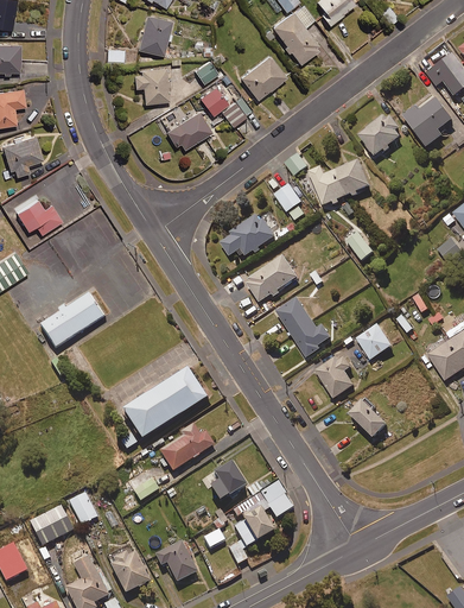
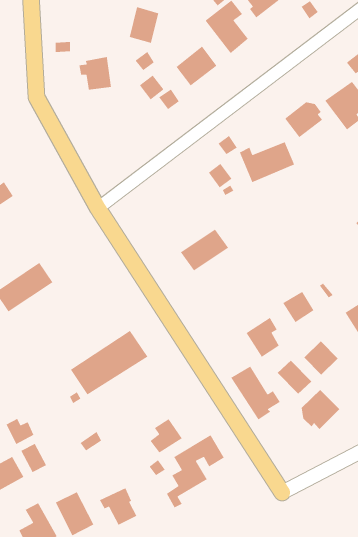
building: [138,13,171,55] -> [129,6,159,44]
building: [166,110,211,148] -> none
building: [221,214,277,256] -> none
building: [277,297,332,357] -> [230,365,281,420]
building: none -> [304,340,339,376]
building: [160,424,215,471] -> none
building: none -> [301,389,340,430]
building: none -> [5,418,35,445]

